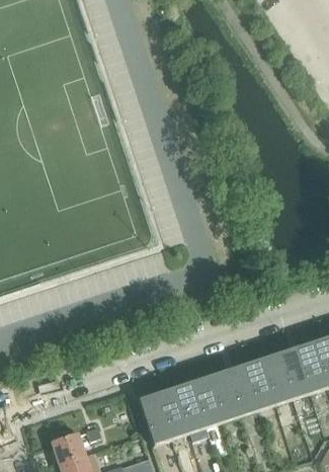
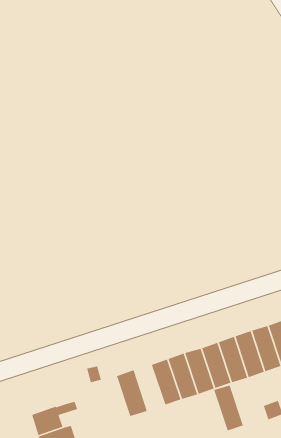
building: [158,389,189,438] -> [213,385,244,432]

